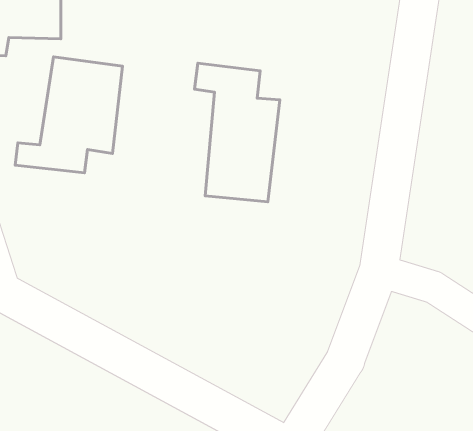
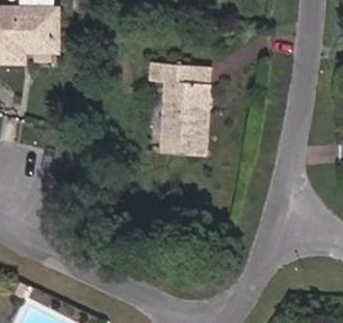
building: [15,57,122,173] -> none

